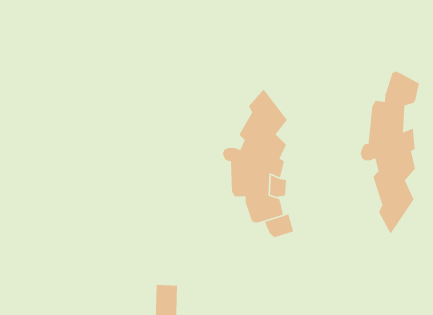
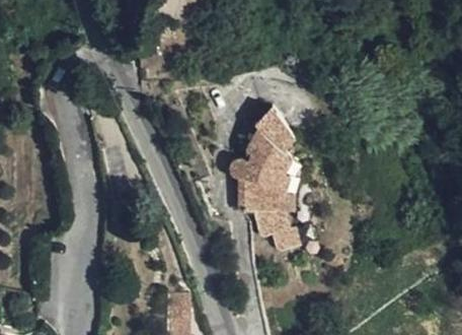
building: [360,70,420,235] -> none

